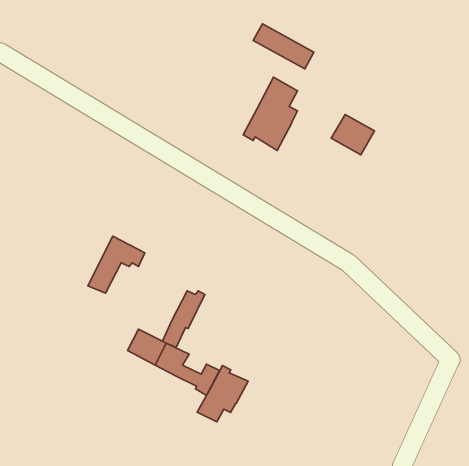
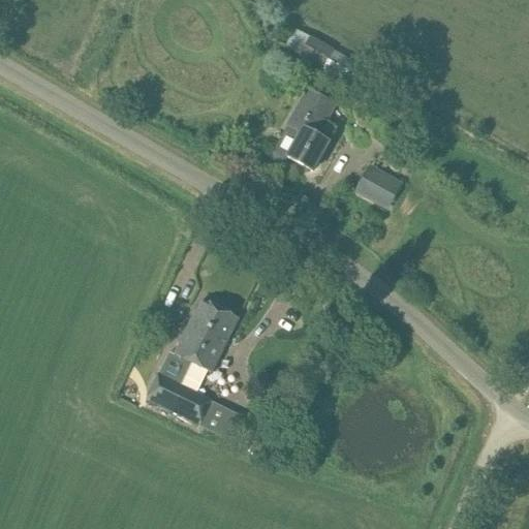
building: [331,114,374,155] -> [354,163,403,209]
building: [88,236,145,293] -> [174,298,238,362]
building: [197,366,248,422] -> none

